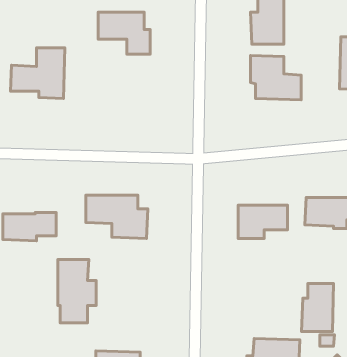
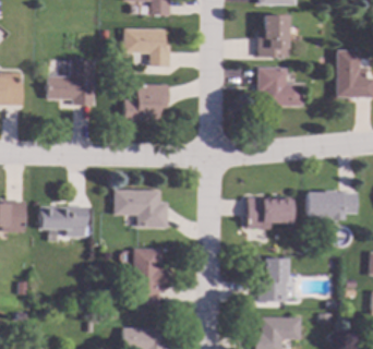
building: none -> [123,85,168,121]
building: [58,260,96,323] -> [132,249,166,304]
building: [301,283,334,332] -> [257,258,286,301]

